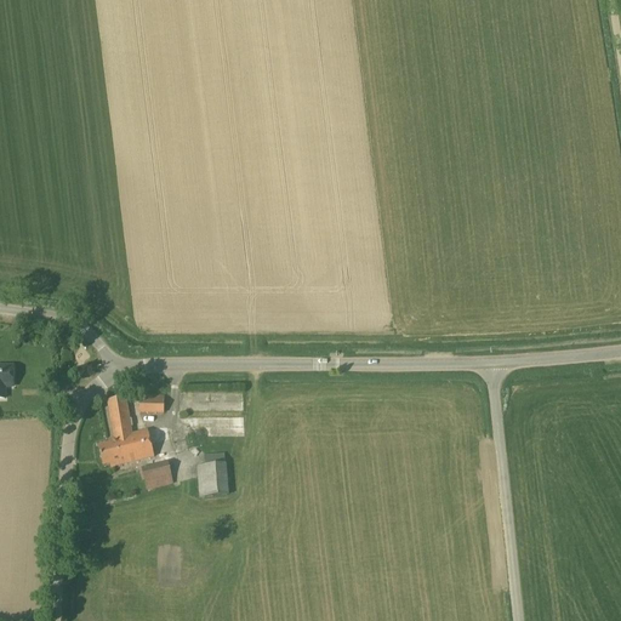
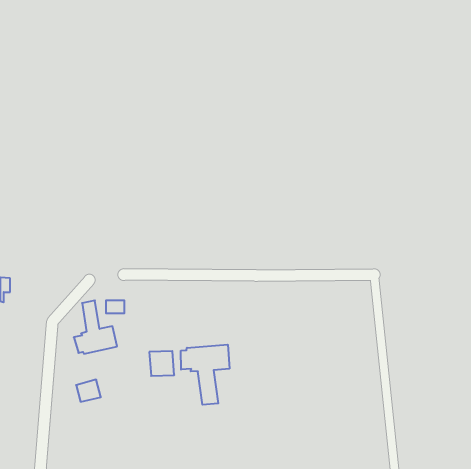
building: none -> [181,345,229,405]
building: [141,460,173,489] -> [76,380,101,402]

